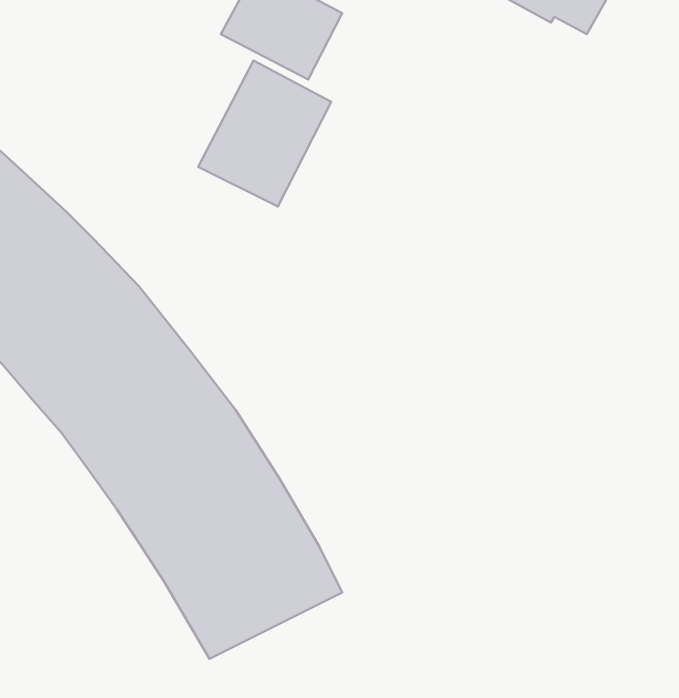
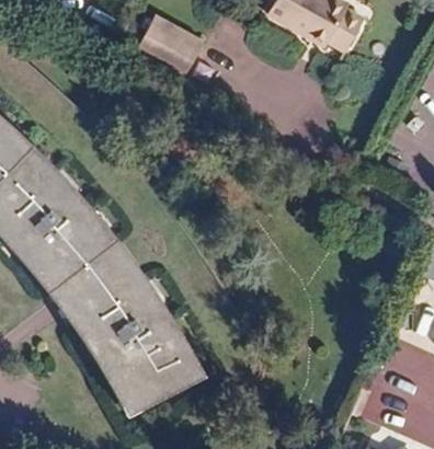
building: [198,61,331,207] -> none

